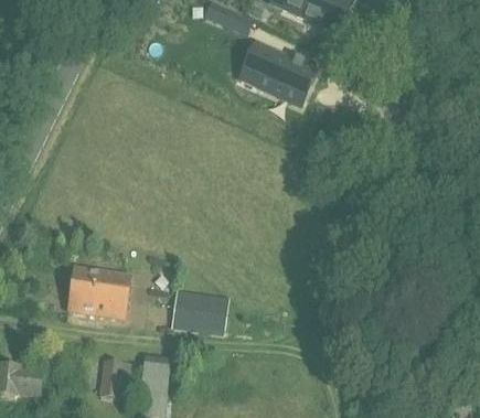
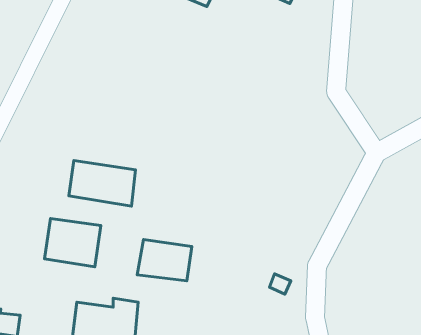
building: [245,43,316,105] -> none
building: none -> [69,161,136,206]

